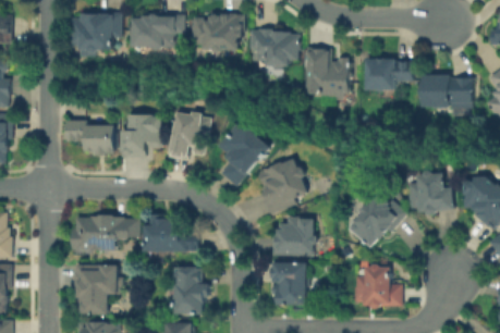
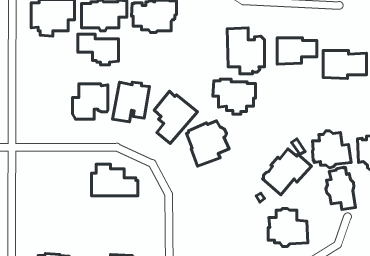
building: [249,27,301,70] -> [213,79,255,114]
building: [66,120,115,157] -> [78,34,119,65]
building: [71,211,139,248] -> none
building: none -> [326,167,356,209]
building: [272,217,317,256] -> none
building: [75,262,123,312] -> none
building: [271,262,317,307] -> none
building: [173,264,209,312] -> none

